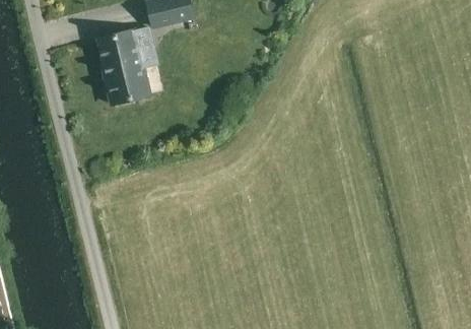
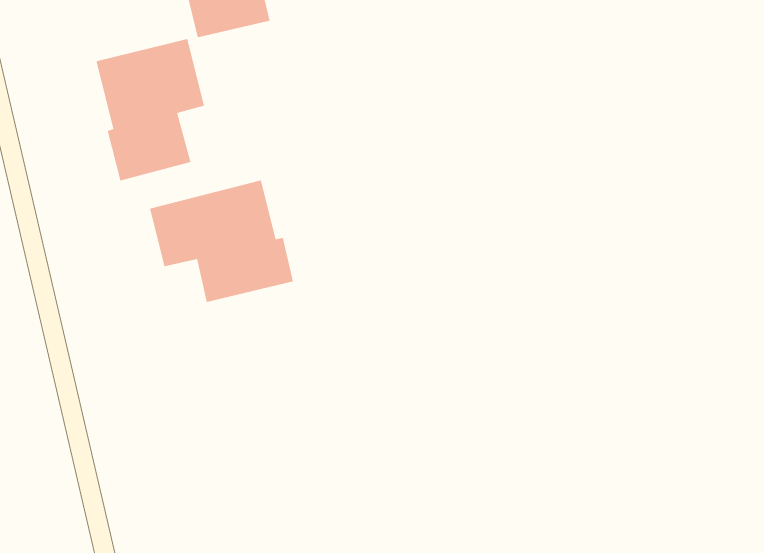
building: none -> [149,180,294,303]

